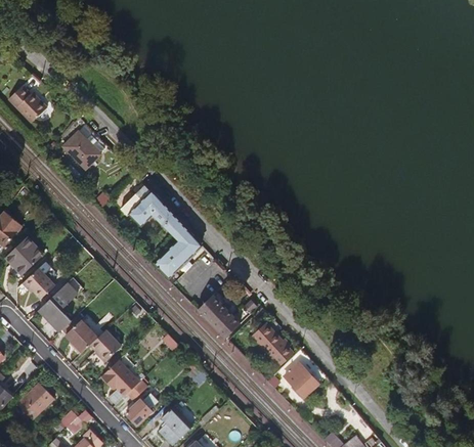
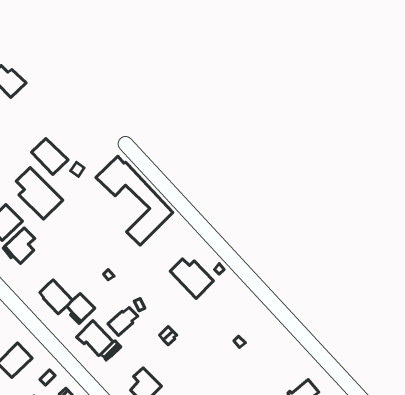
building: [62,131,101,169] -> [31,139,68,174]
building: none -> [16,168,63,219]
building: [39,281,78,330] -> none
building: [252,318,292,365] -> none
building: [284,355,326,397] -> none
building: [125,395,157,424] -> [108,307,138,335]

